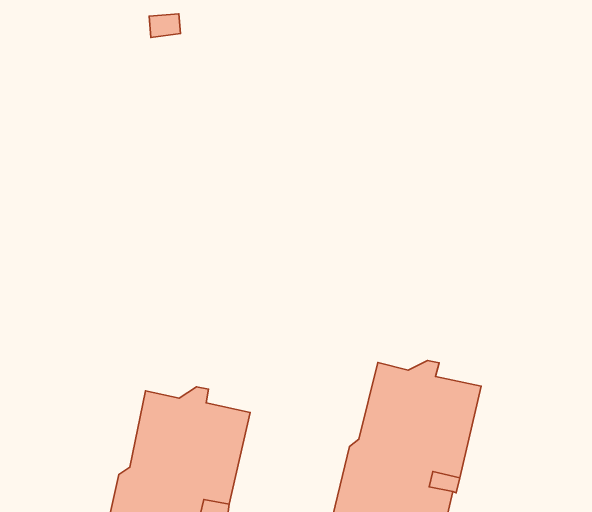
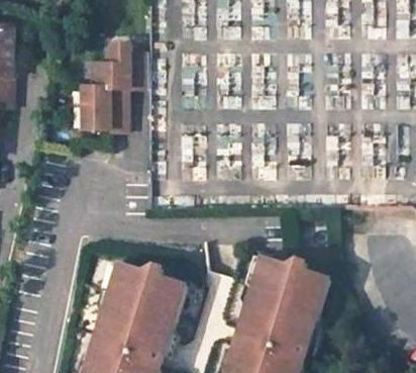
building: none -> [81,42,145,129]

